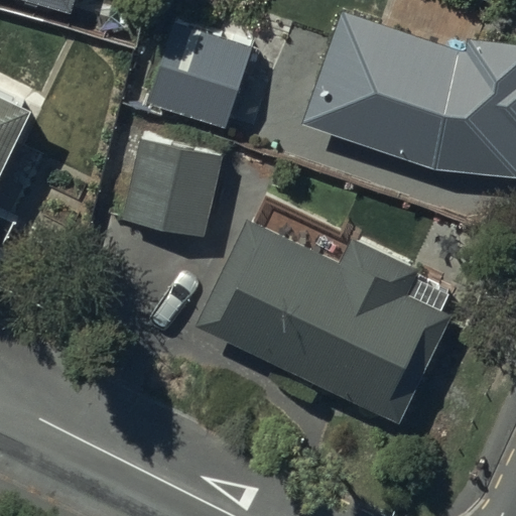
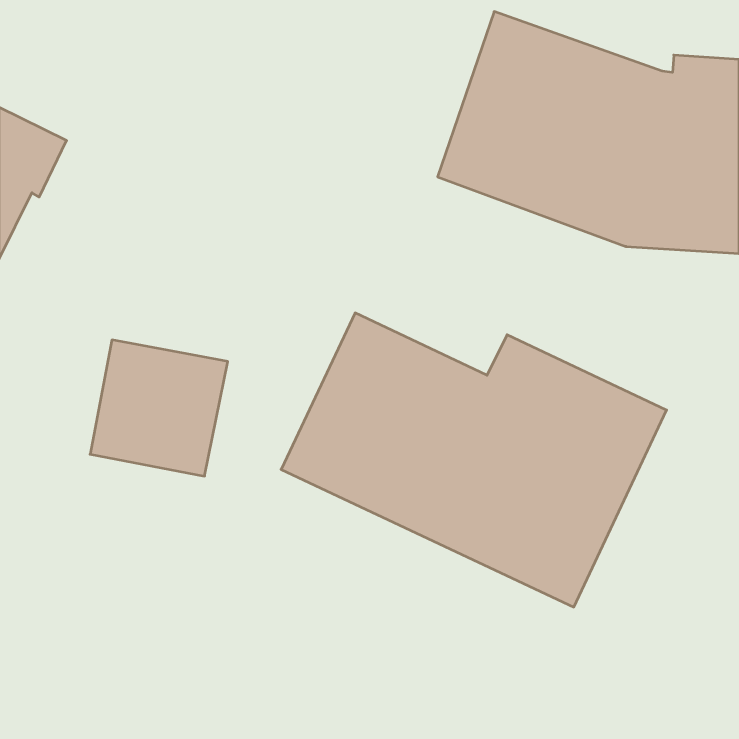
building: [149,19,270,130] -> none
building: [123,142,219,237] -> [90,340,228,476]

